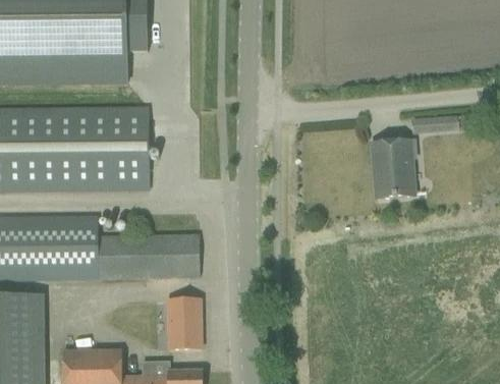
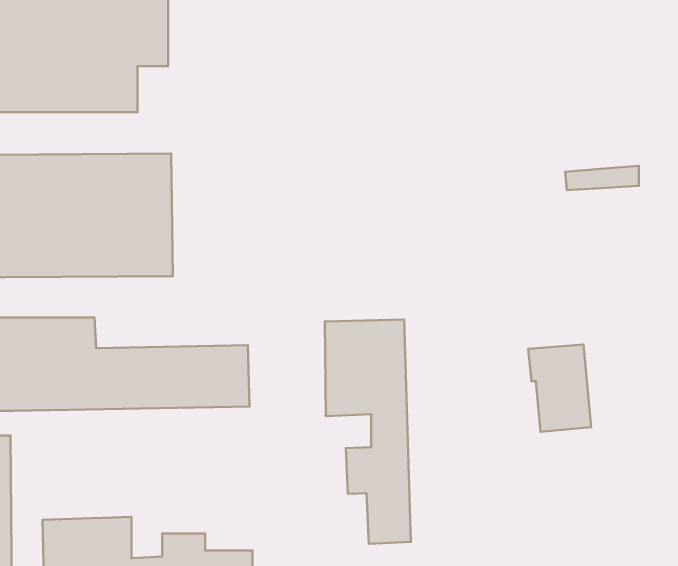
building: [372,139,413,197] -> [528,344,591,432]
building: none -> [325,319,411,544]
building: [167,297,202,347] -> none

